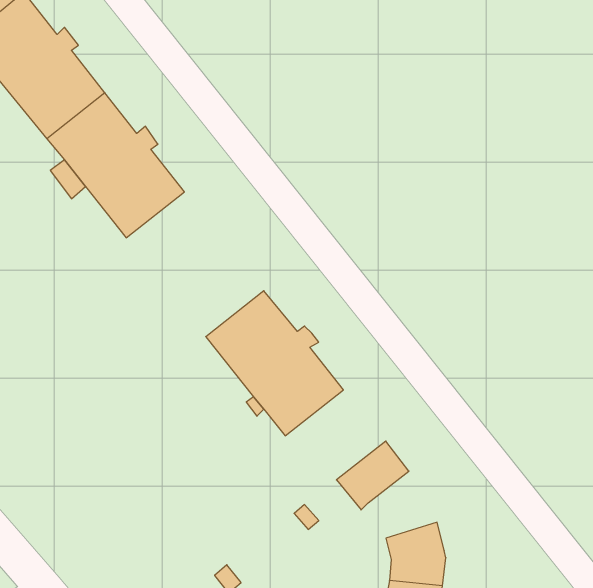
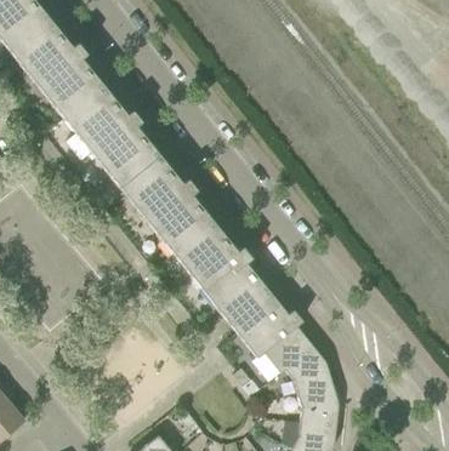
building: none -> [119,155,214,255]
building: none -> [228,291,302,358]
building: none -> [285,347,333,393]

